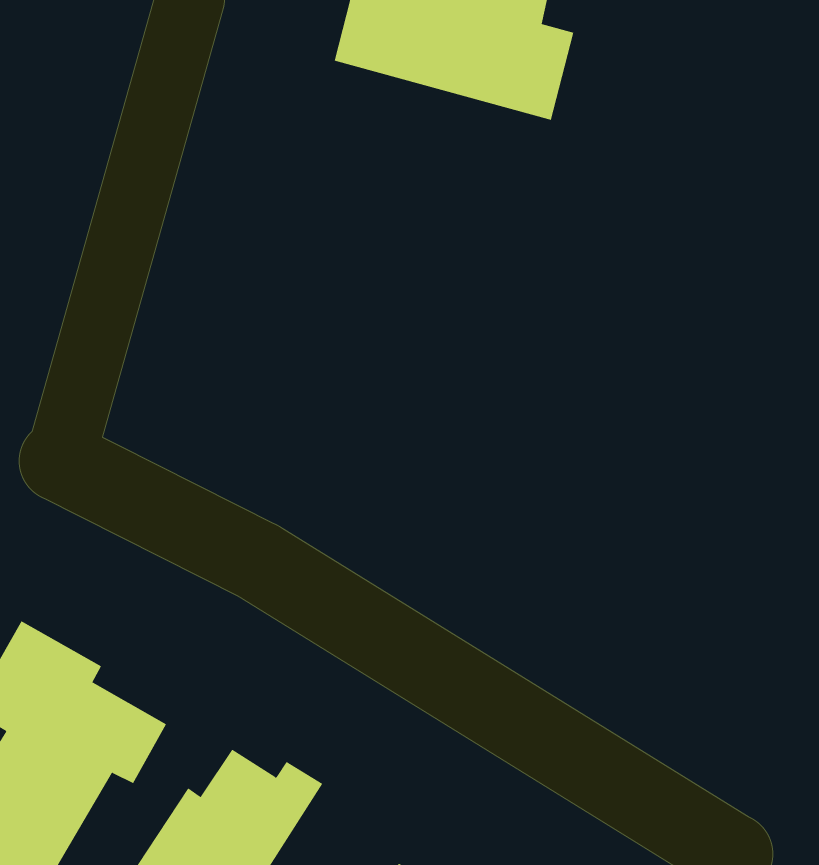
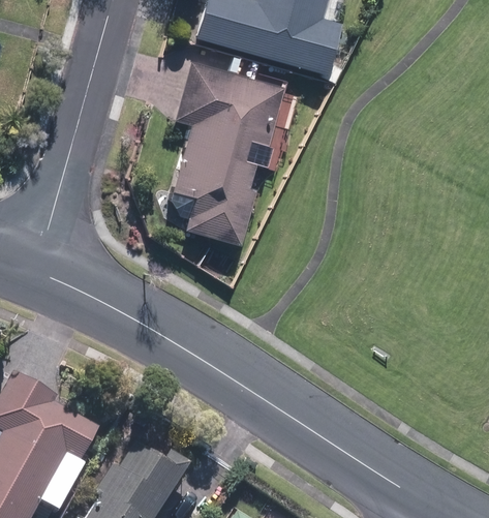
building: none -> [174,62,281,243]

